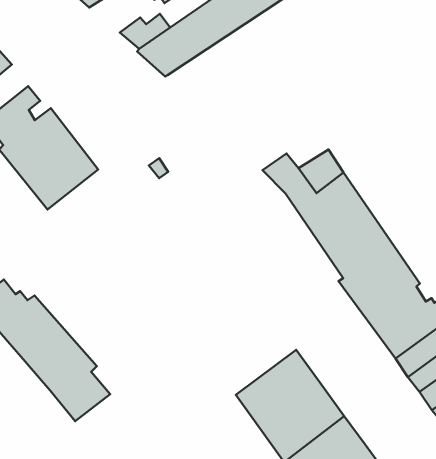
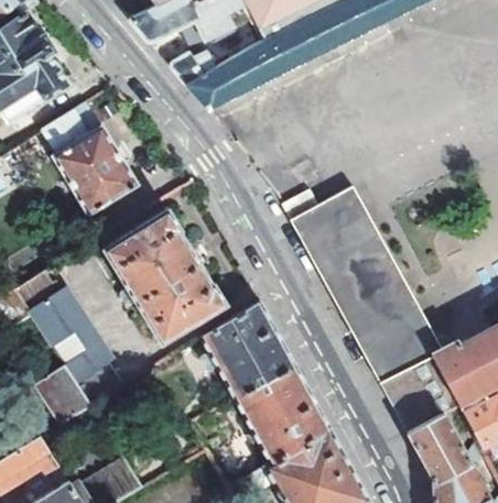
building: none -> [105,209,226,342]
building: none -> [202,300,294,400]
building: none -> [34,365,90,425]

